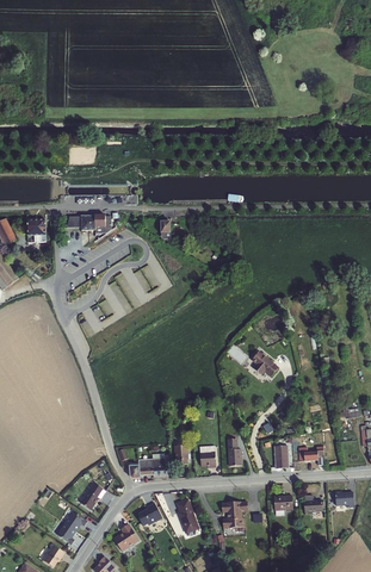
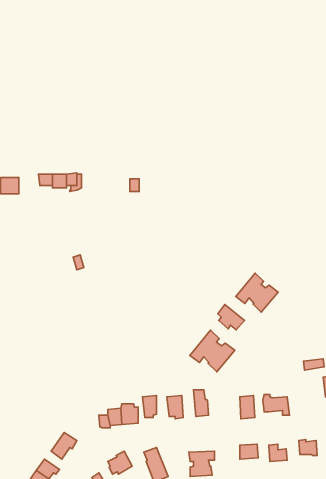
building: none -> [236,273,278,312]
building: none -> [190,330,235,372]

